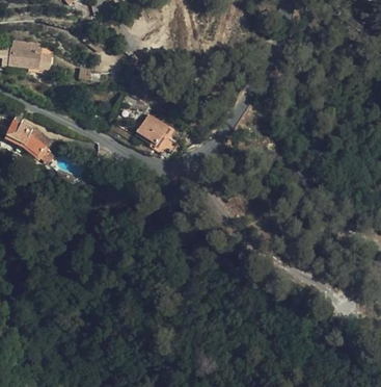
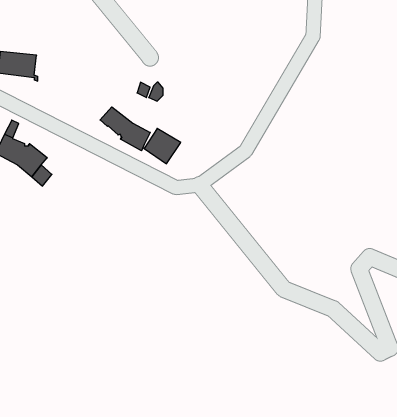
building: none -> [100,107,150,151]

